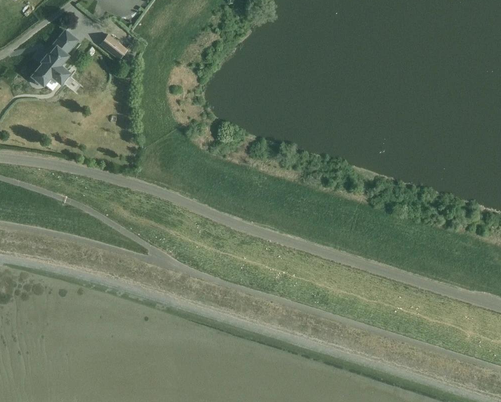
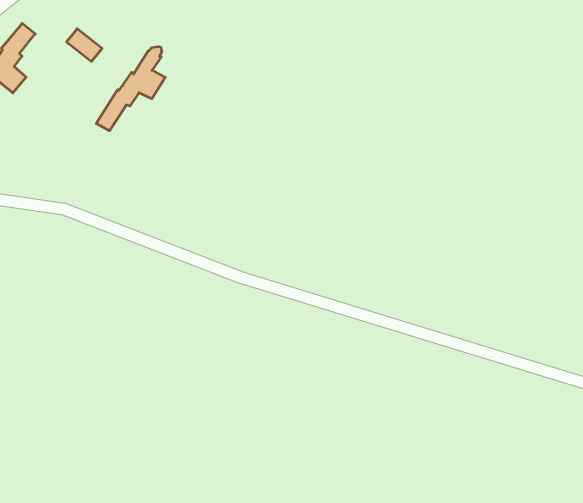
building: none -> [96,47,165,131]

